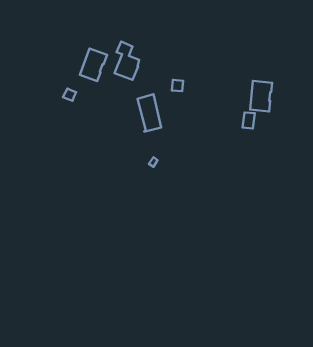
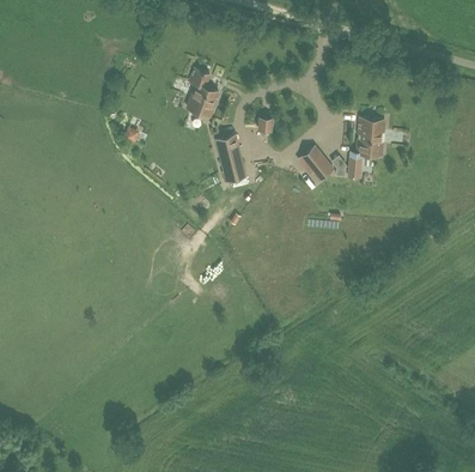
building: [80,48,107,81] -> none
building: none -> [298,146,333,180]

